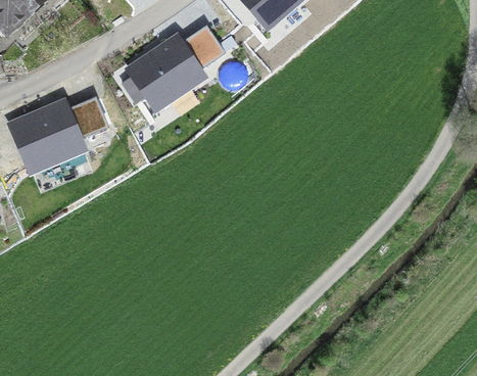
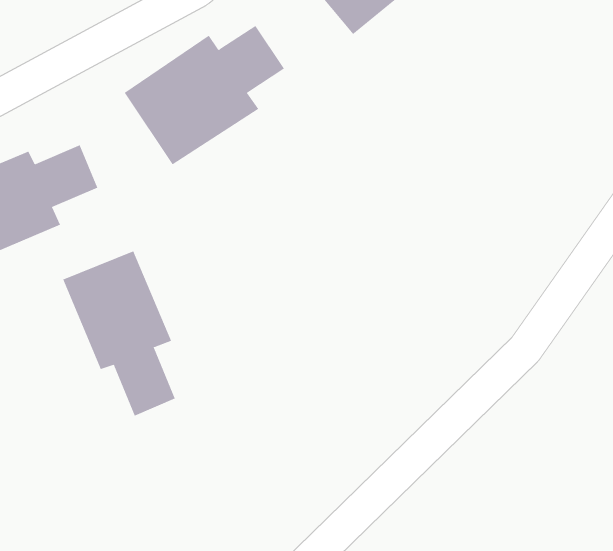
building: none -> [62,250,176,417]

